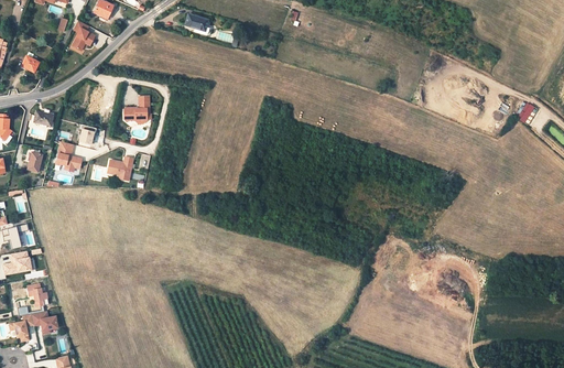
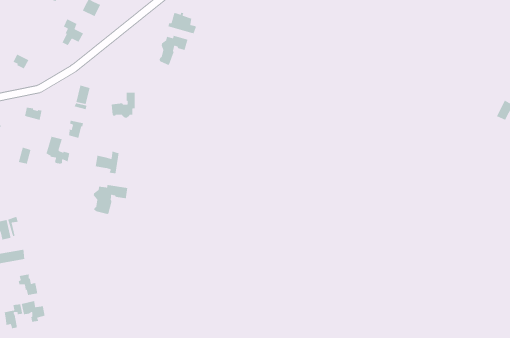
building: none -> [159,35,188,66]
building: none -> [93,184,128,215]

